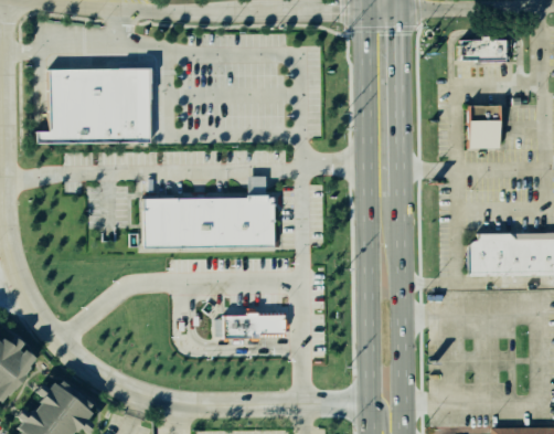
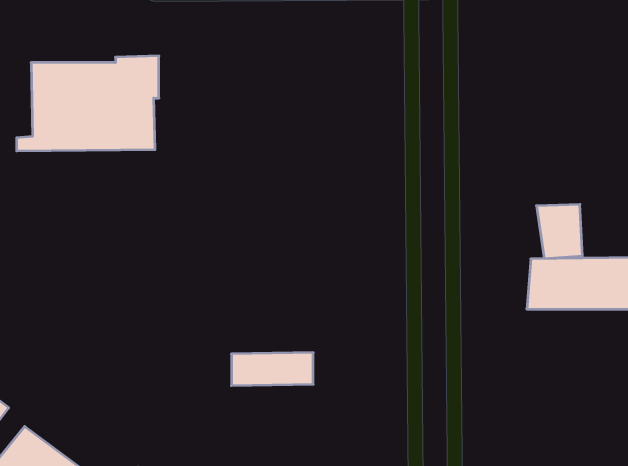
building: [457,38,509,63] -> none
building: [461,104,500,149] -> [536,204,582,258]
building: [146,199,276,248] -> none

